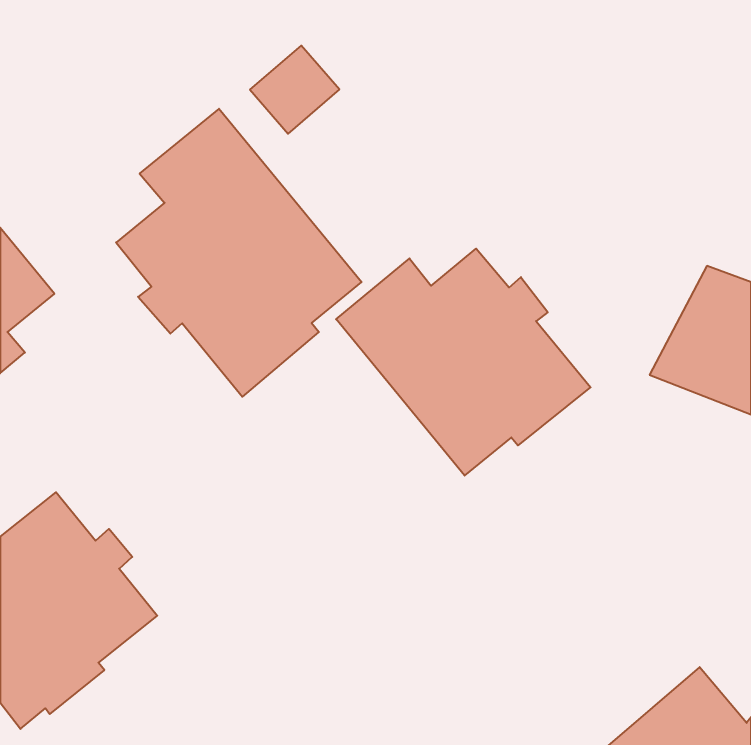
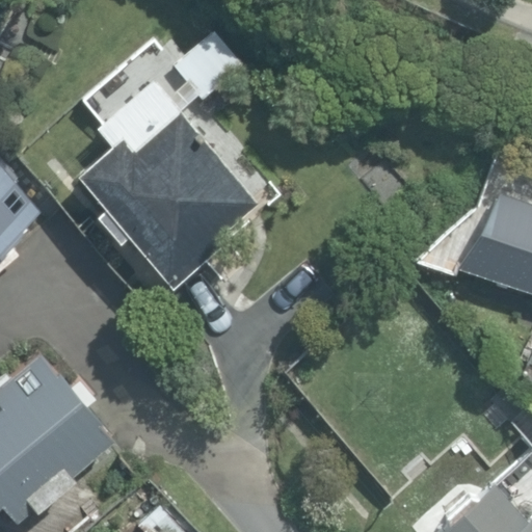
building: [336,249,591,476] -> none

